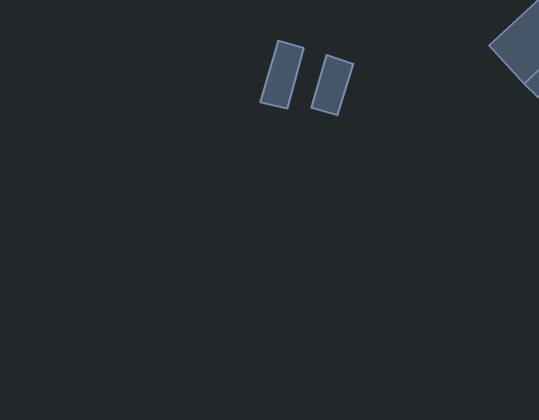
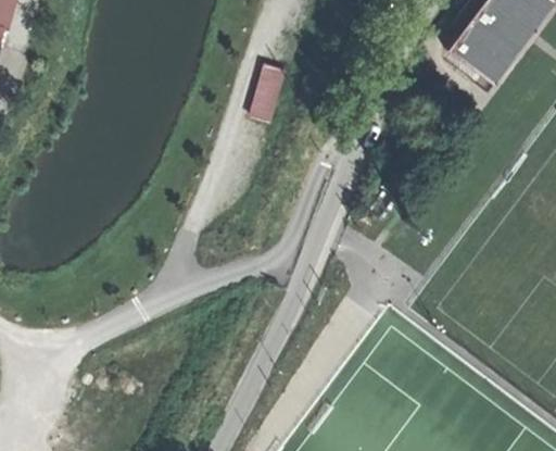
building: [312,55,353,115] -> none

